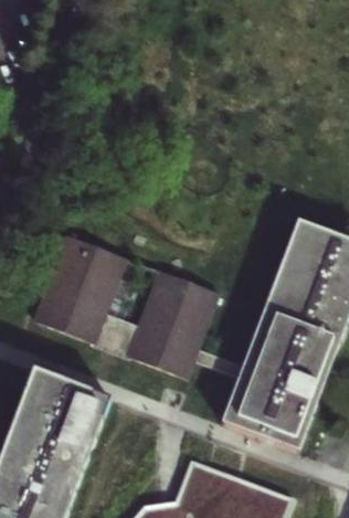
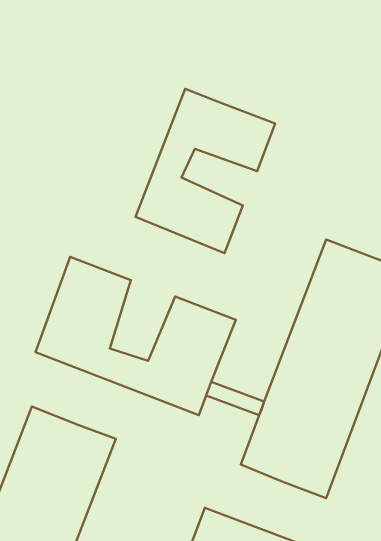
building: none -> [136,89,275,253]

